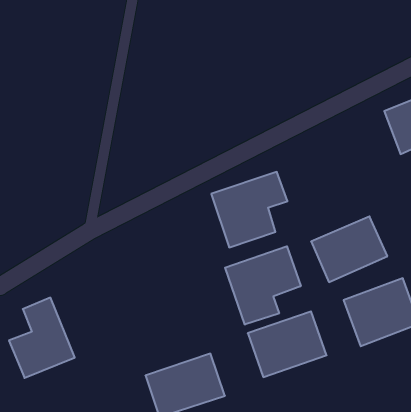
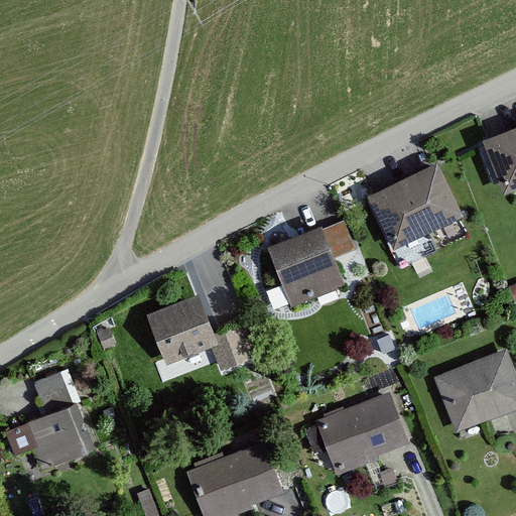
building: [311,216,387,282] -> [367,163,462,245]
building: none -> [149,296,258,375]
building: [225,246,301,325] -> none

